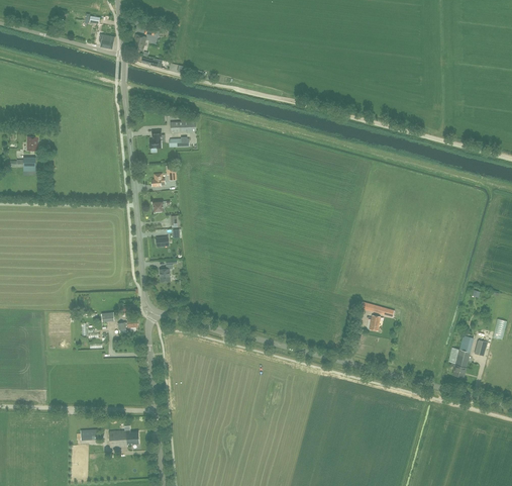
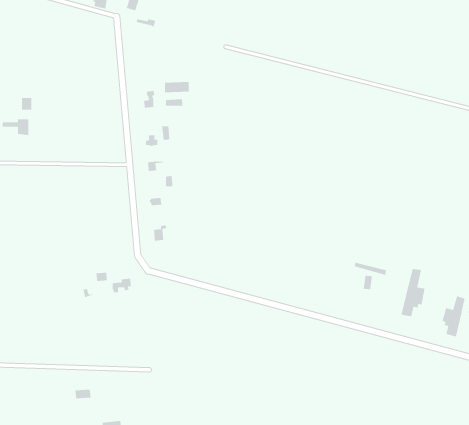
building: none -> [401,268,426,317]
building: [109,425,139,447] -> none

